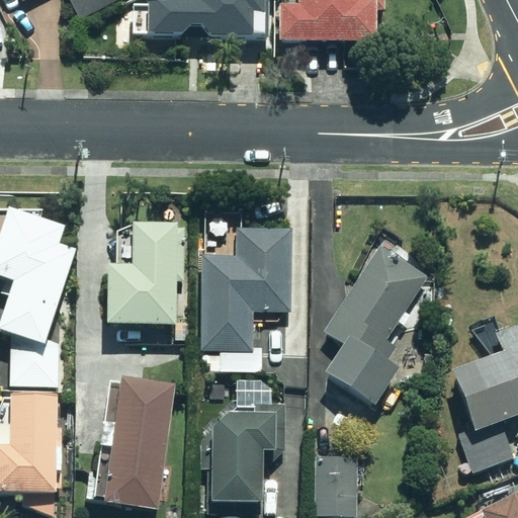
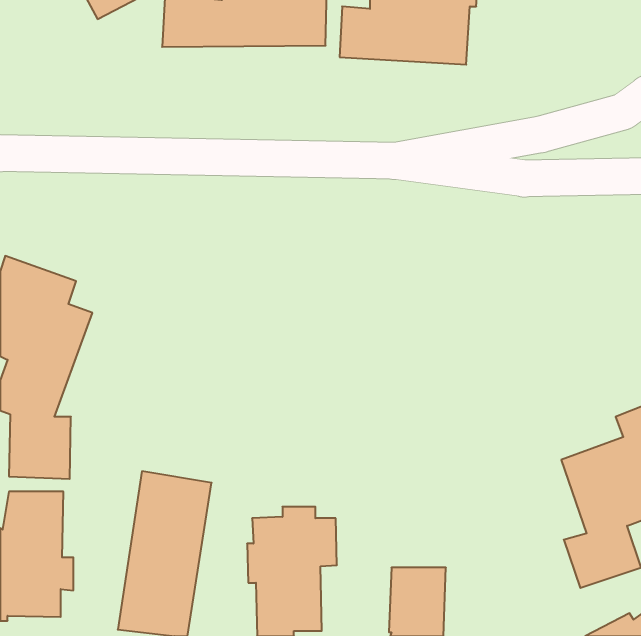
building: [105,223,177,323] -> none
building: [204,224,296,370] -> none
building: [320,244,431,404] -> none

